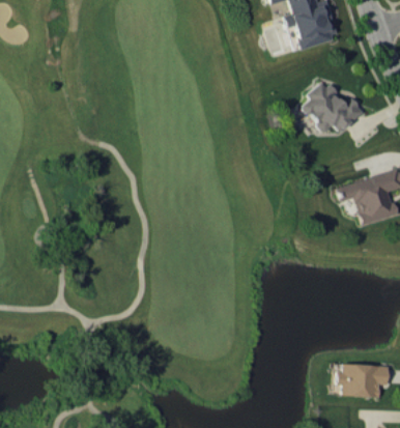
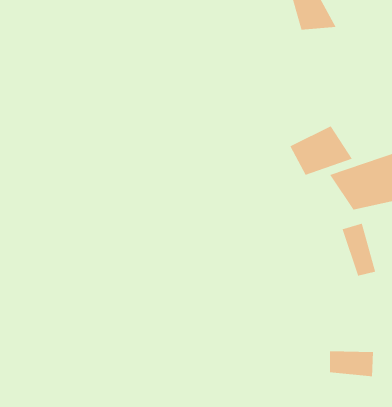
building: [299,79,363,129] -> [289,125,353,175]
building: none -> [342,223,376,276]

